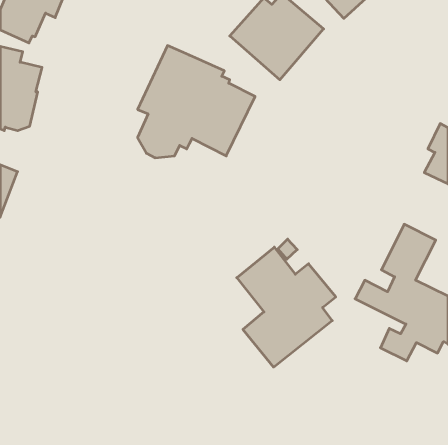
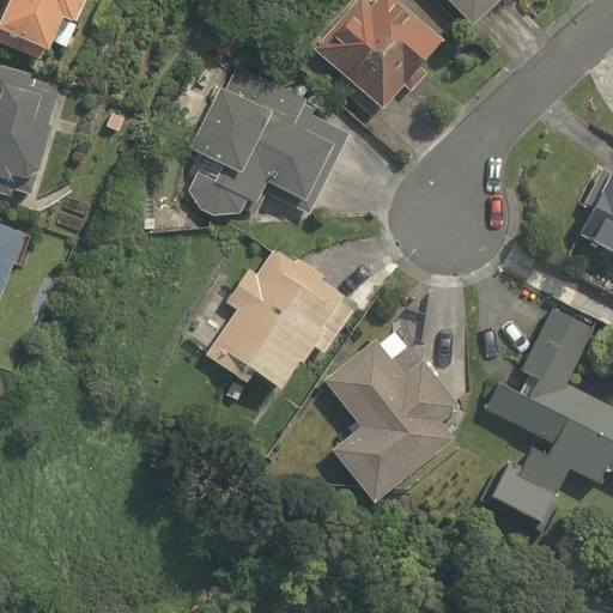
building: none -> [206,248,342,389]
building: none -> [487,468,556,526]

